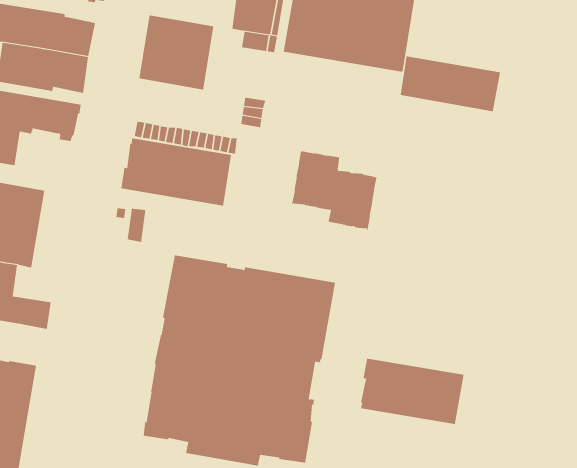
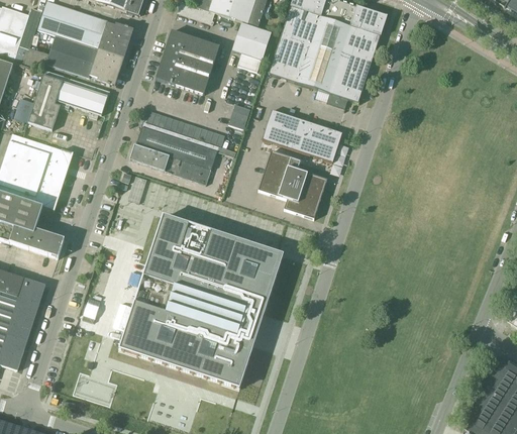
building: [400,56,501,112] -> [263,109,342,161]
building: [360,358,464,425] -> none

